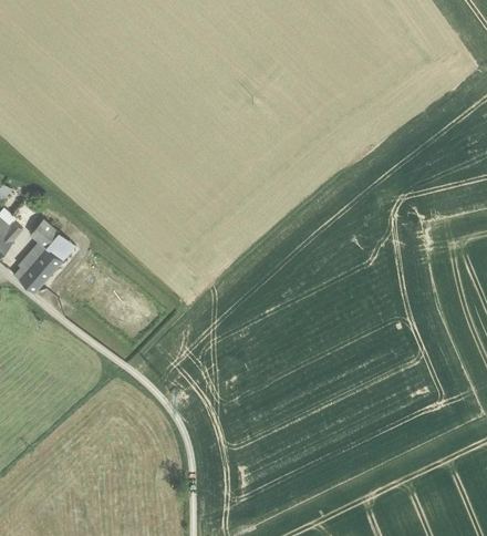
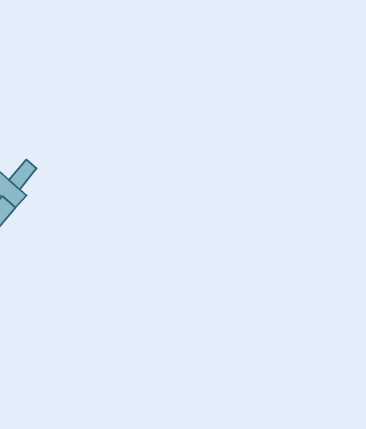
building: none -> [9,160,37,189]

